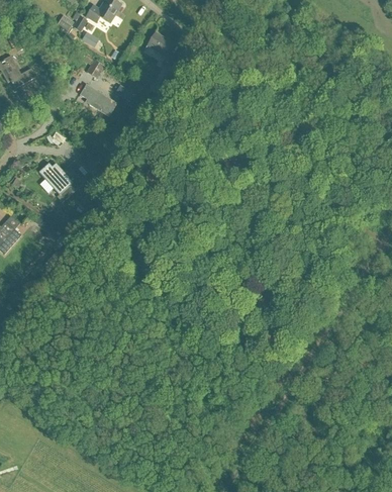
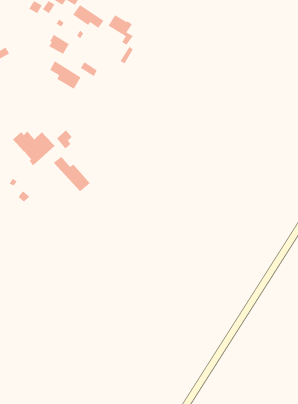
building: none -> [72,4,105,29]
building: none -> [53,156,91,192]

